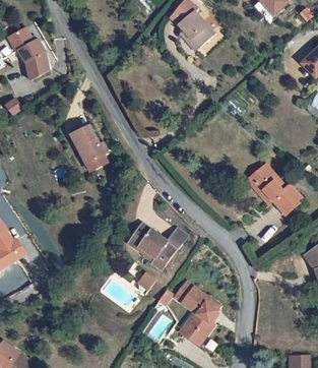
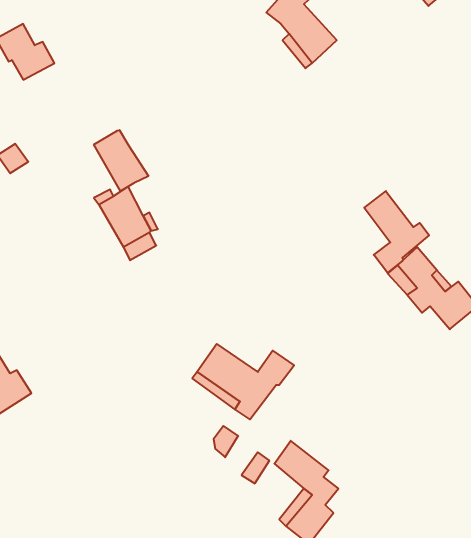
building: [21,48,44,76] -> none
building: none -> [94,130,148,191]
building: none -> [364,191,429,273]

